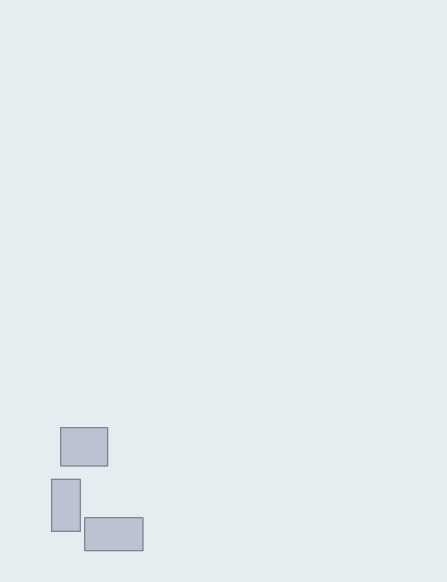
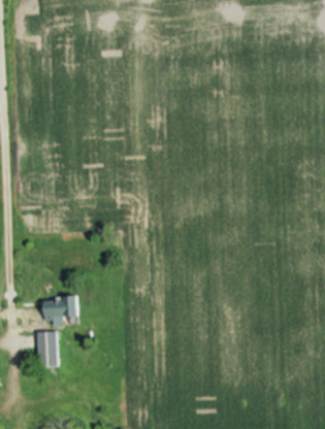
building: [85,518,143,551] -> none

